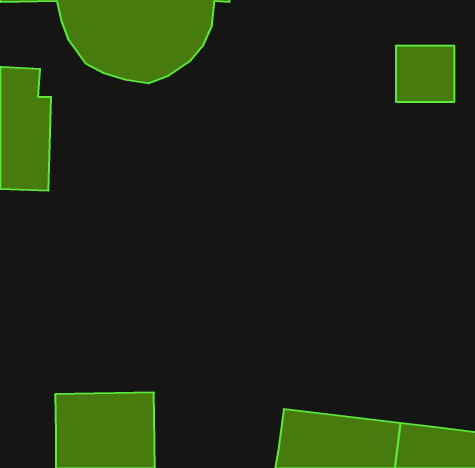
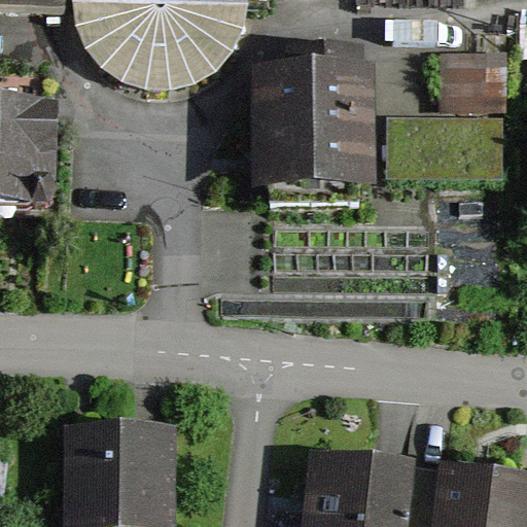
building: none -> [254,49,377,195]

